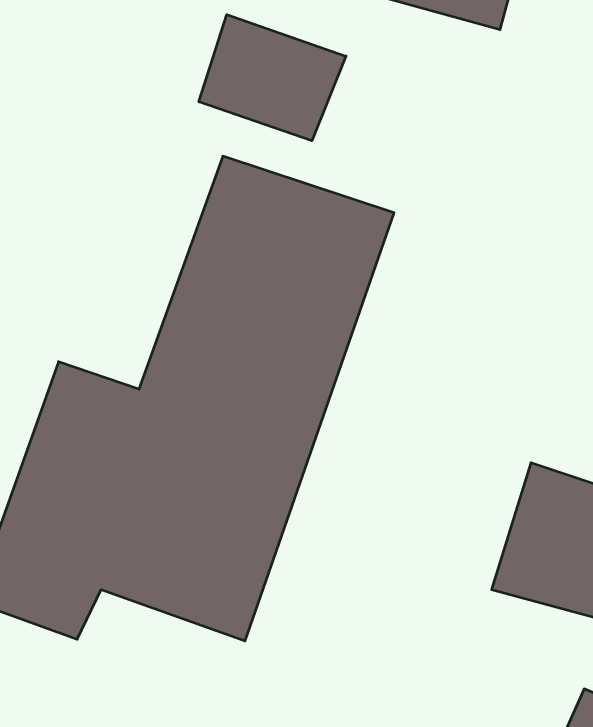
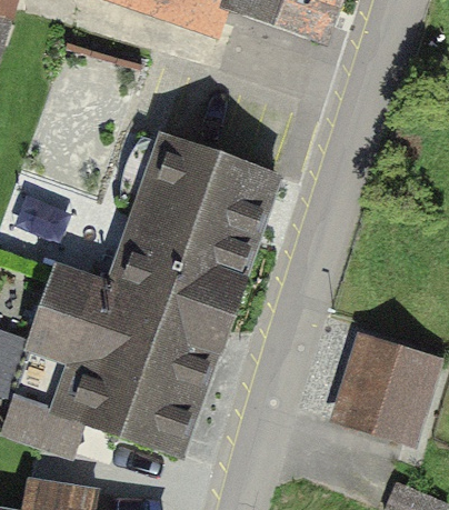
building: [199,15,346,141] -> none

